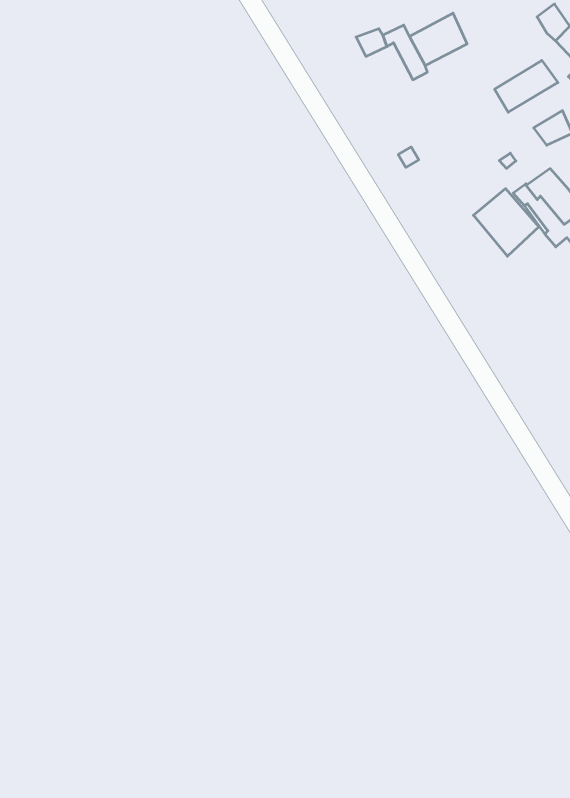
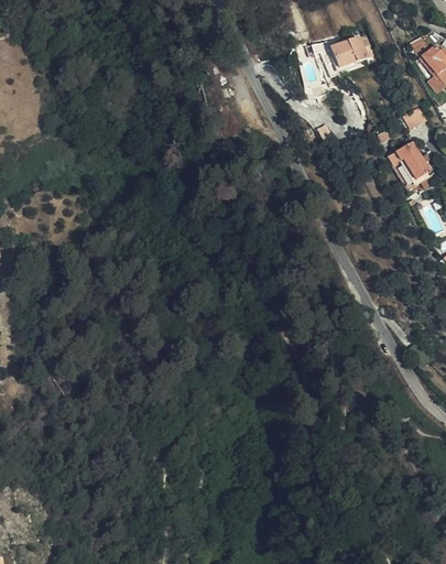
building: [495,60,558,112] -> none
building: [473,189,539,256] -> none

